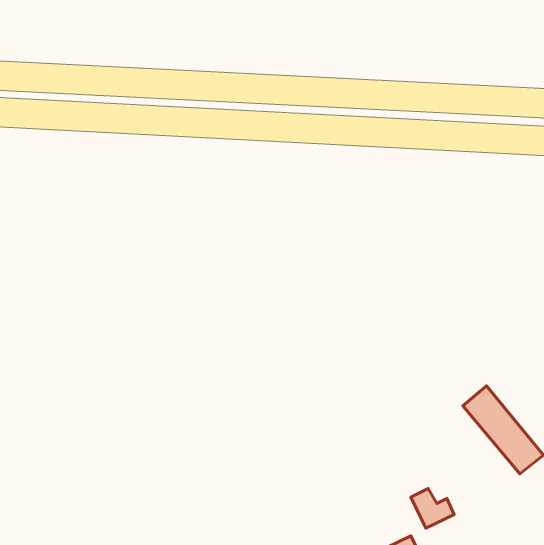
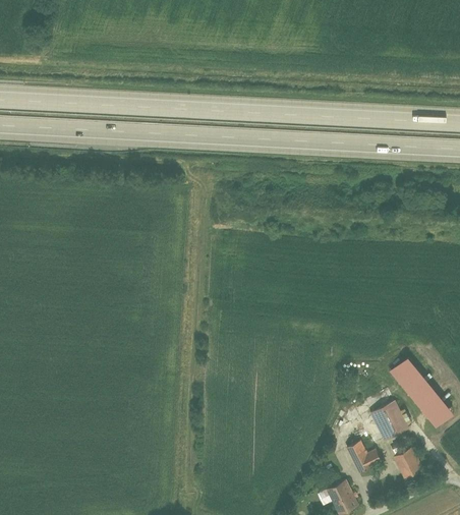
building: none -> [369,401,413,442]
building: none -> [392,447,423,478]

